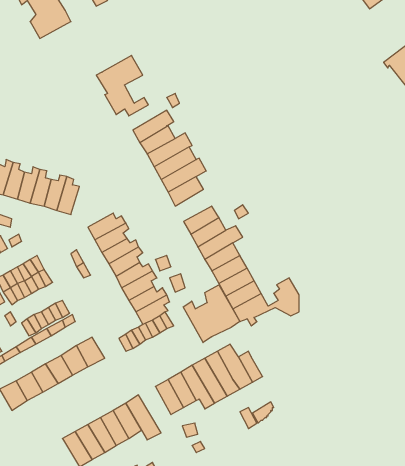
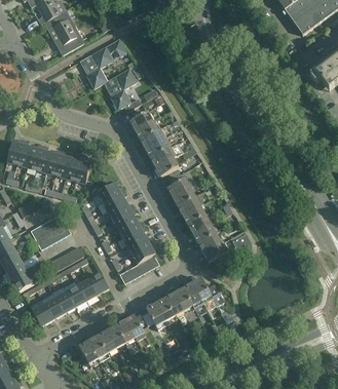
building: none -> [78,38,125,87]
building: [183,285,240,343] -> none

